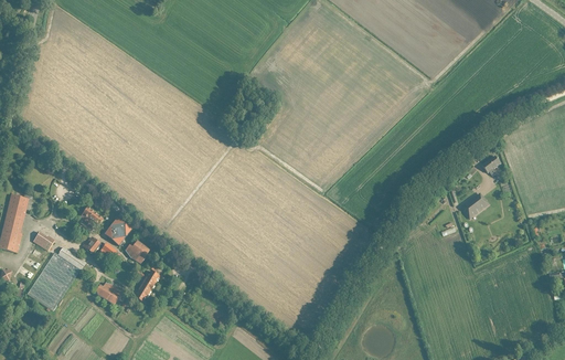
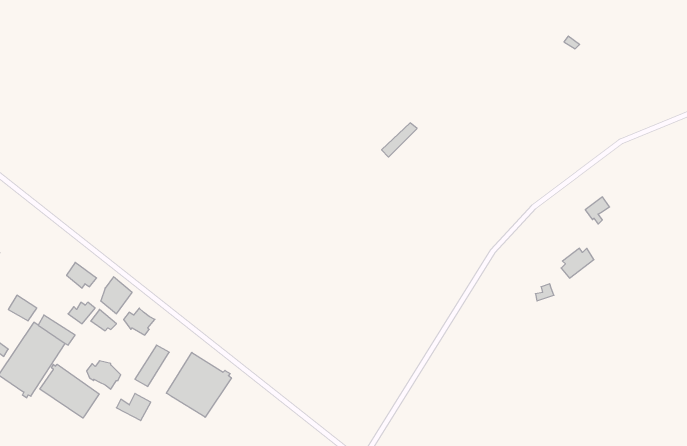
building: none -> [166,352,231,417]
building: none -> [40,364,99,418]

